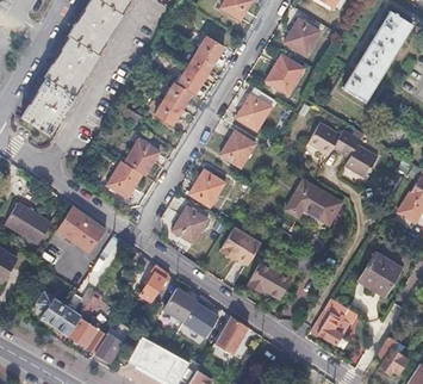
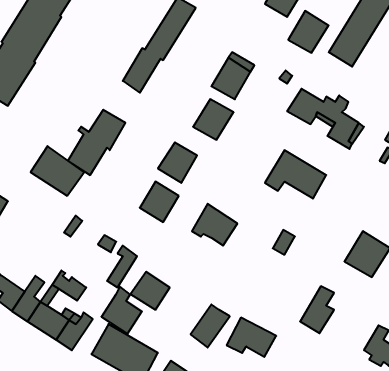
building: [265,54,301,92] -> [288,11,329,53]
building: [55,209,104,254] -> [31,146,84,196]
building: [245,261,291,297] -> [227,318,276,357]
building: [185,296,222,339] -> [101,287,142,334]

